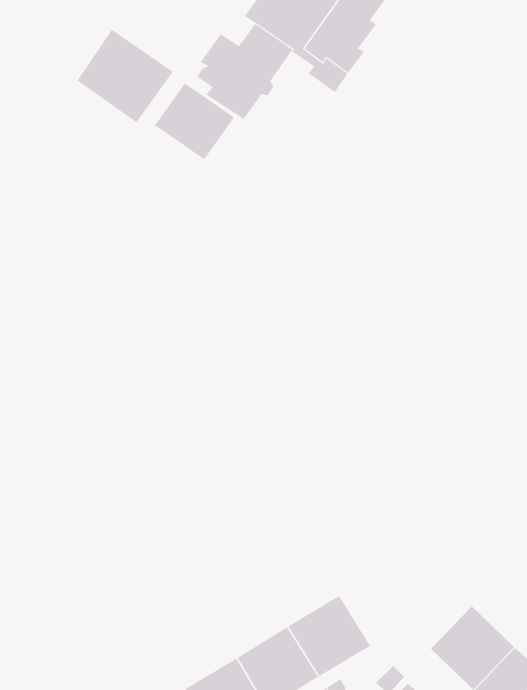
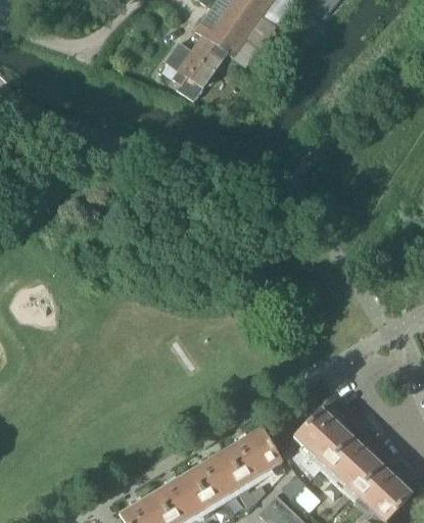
building: [77,29,173,123] -> none
building: [154,83,235,160] -> none
building: none -> [292,407,350,464]

